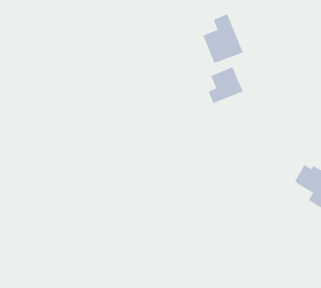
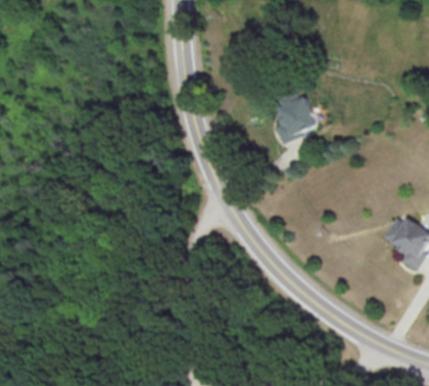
building: [203,14,244,64] -> none

